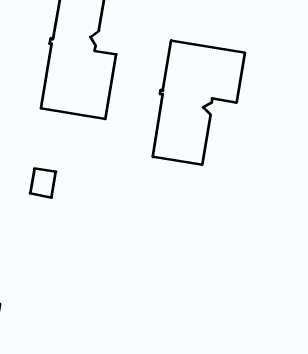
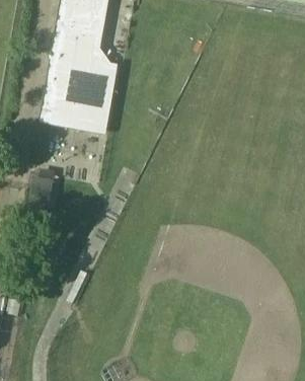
building: [153,40,245,165] -> none

